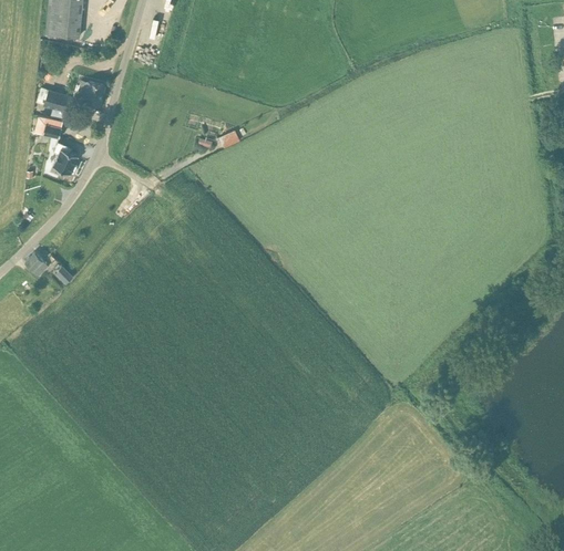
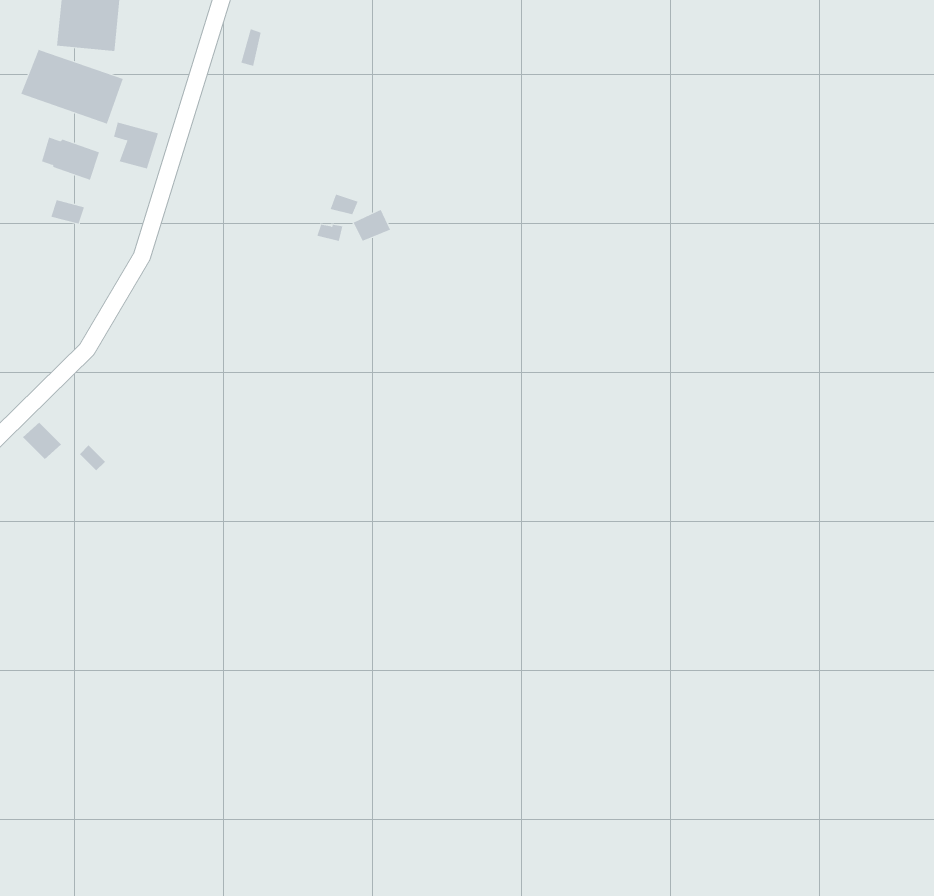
building: none -> [20,49,123,125]
building: [52,143,76,175] -> none

